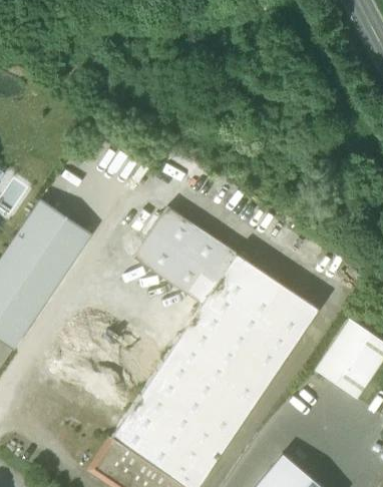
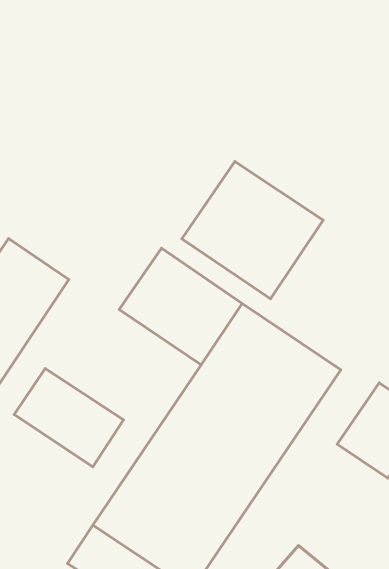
building: none -> [182,161,323,299]
building: none -> [14,368,123,467]

